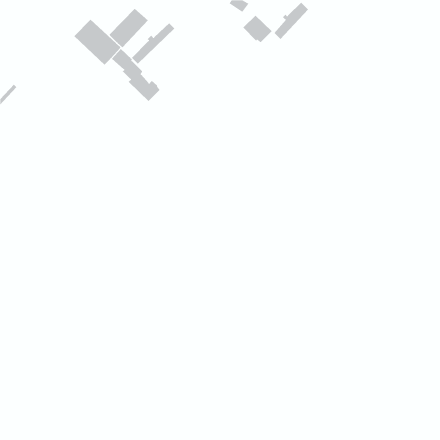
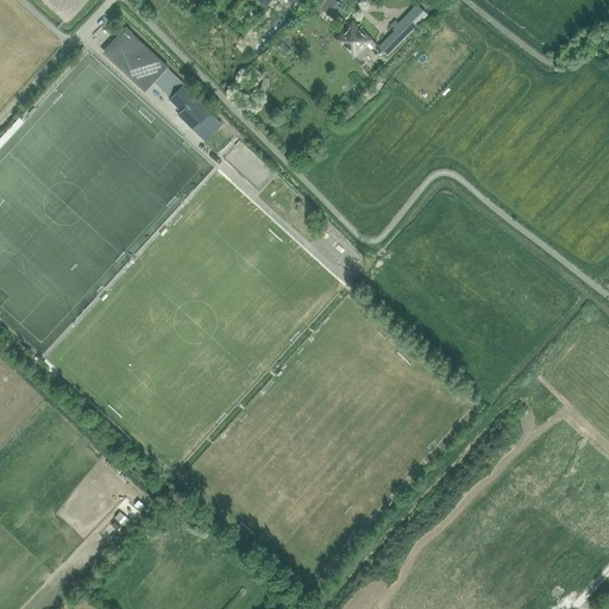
building: [108,8,149,48] -> none
building: [131,23,175,64] -> none

